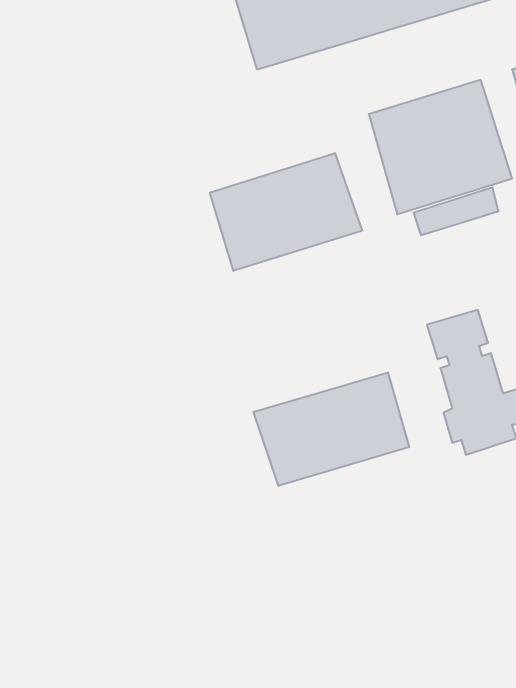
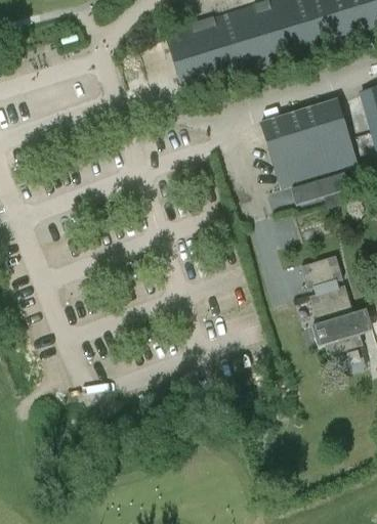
building: [210,153,362,271] -> none
building: [253,372,409,486] -> none

